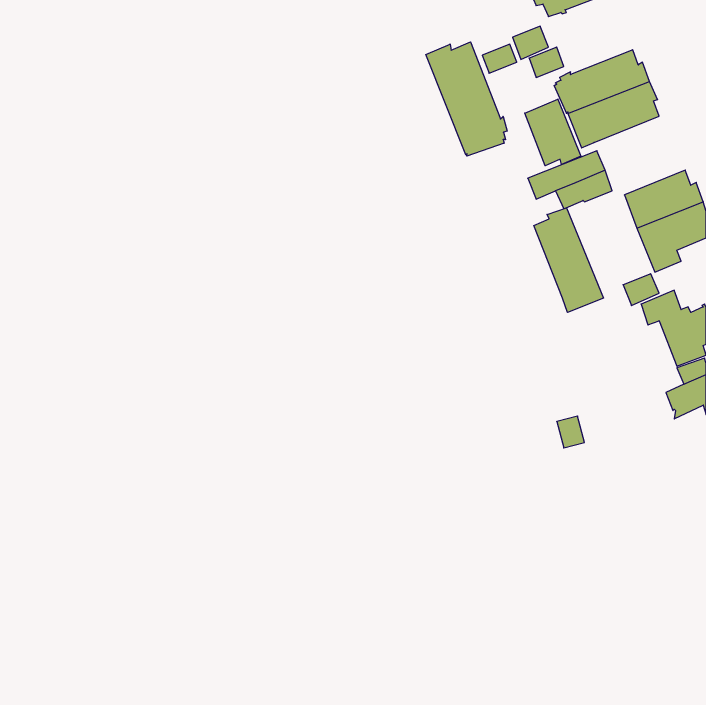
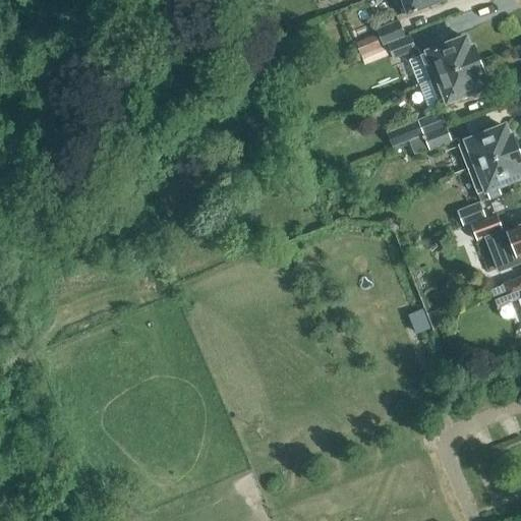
building: [426,42,507,156] -> none
building: [525,99,581,166] -> none
building: [534,208,603,312] -> none

